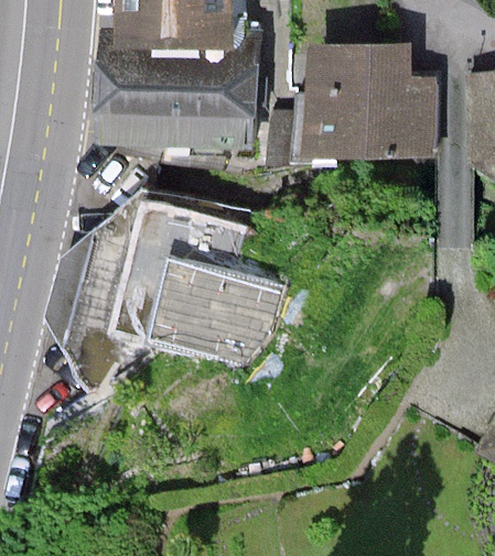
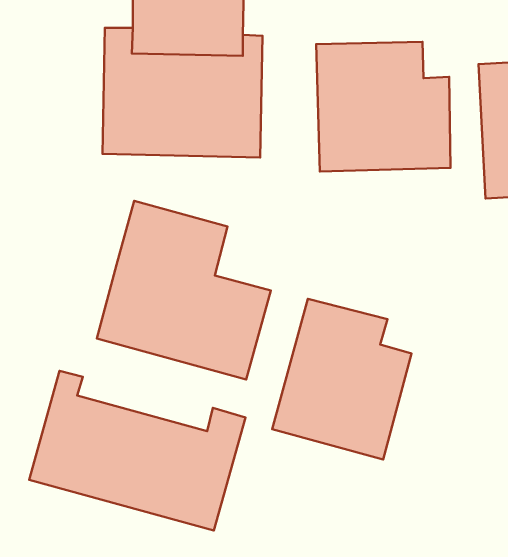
building: none -> [272,299,412,460]
building: none -> [29,371,245,531]

